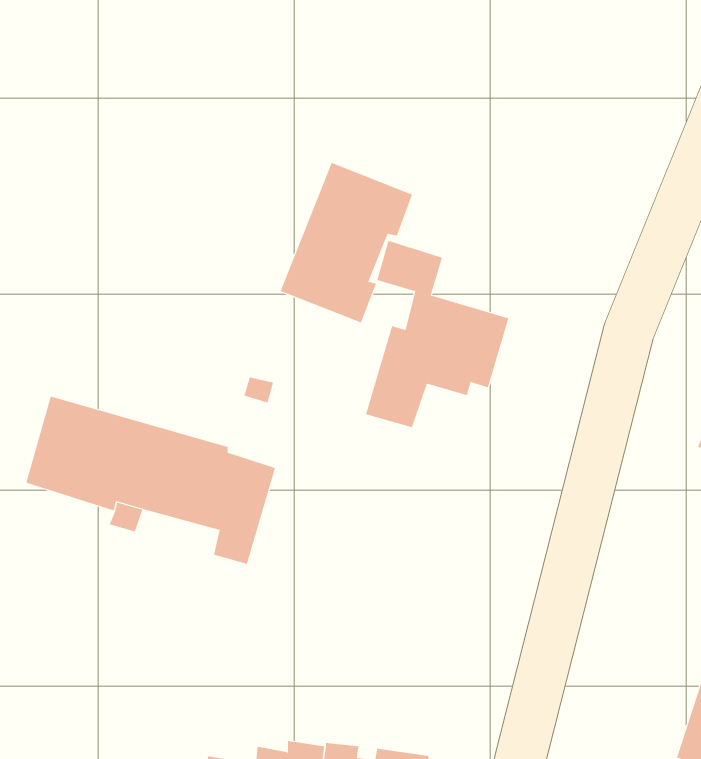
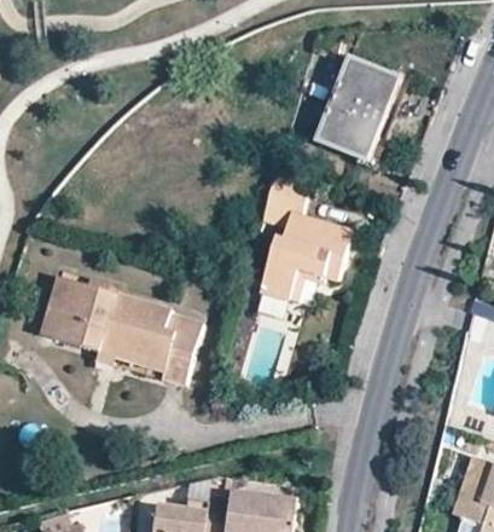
building: [280,162,413,323] -> [316,60,401,163]

